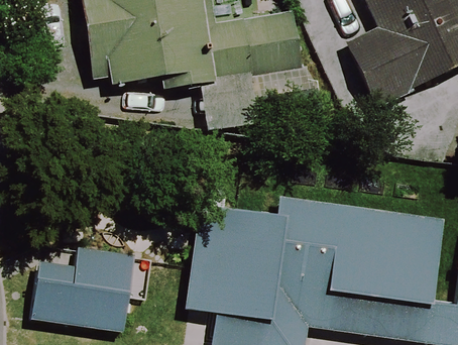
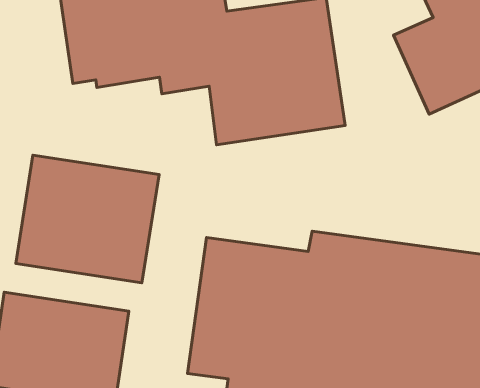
building: none -> [16,155,159,283]

